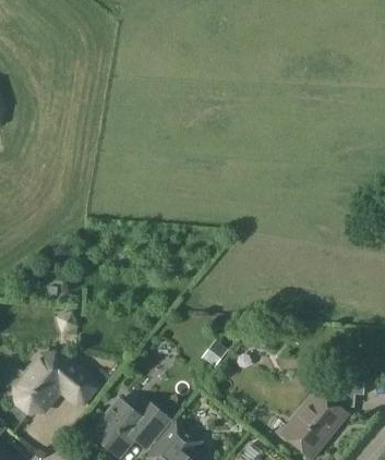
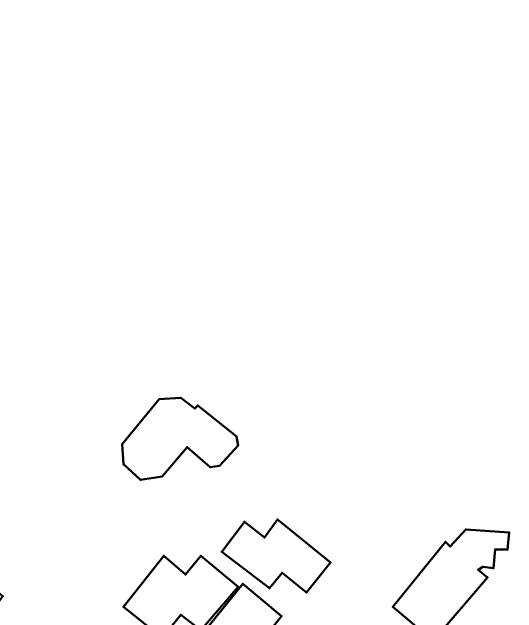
building: [16,354,98,412] -> [122,398,238,480]
building: none -> [222,519,331,592]

